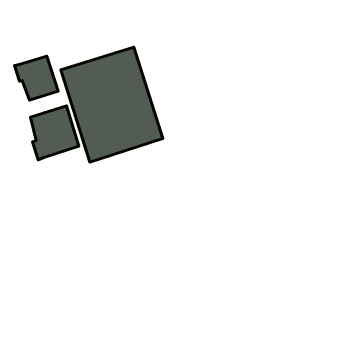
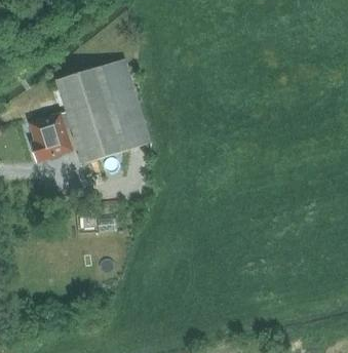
building: [15,56,58,100] -> none

